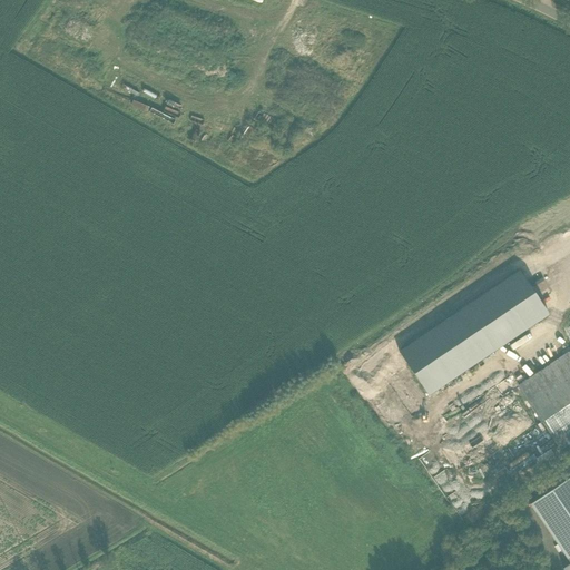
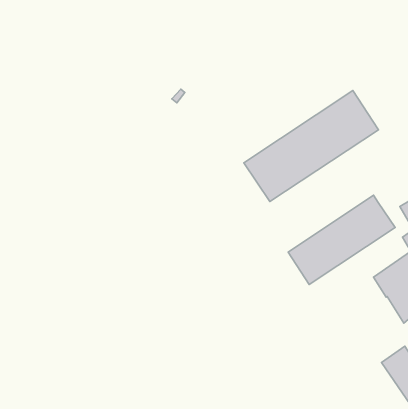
building: none -> [244,90,379,201]

